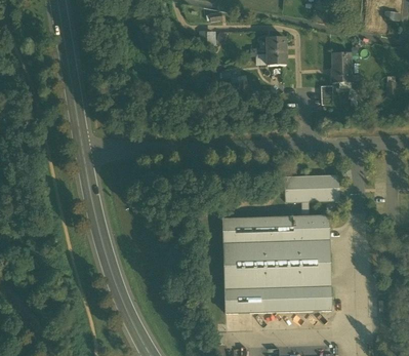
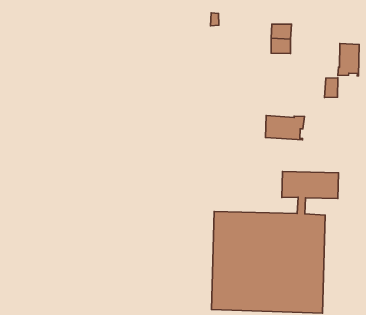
building: none -> [265,115,304,140]

